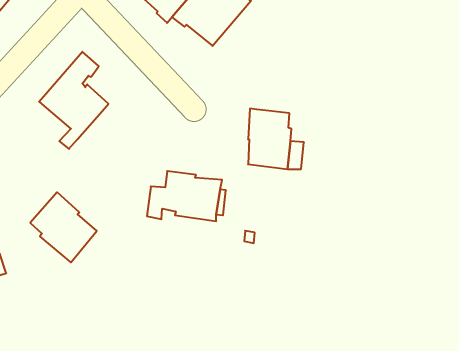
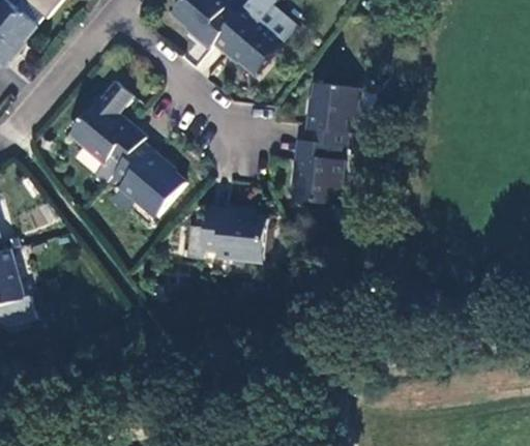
building: none -> [303,83,357,147]
building: [30,192,97,262] -> [111,141,182,216]

